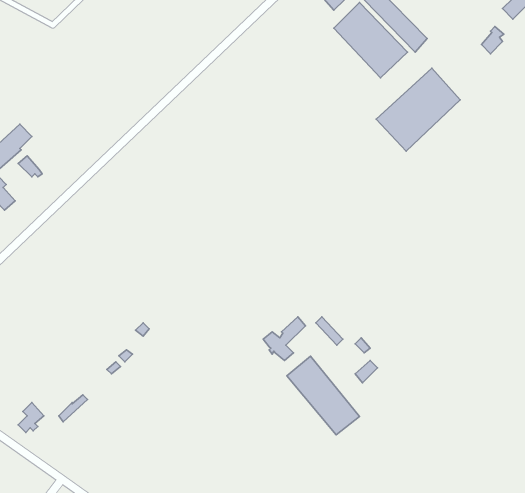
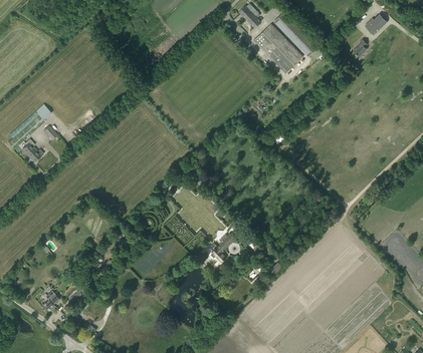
building: [376,68,460,151] -> none
building: [287,356,360,435] -> none

